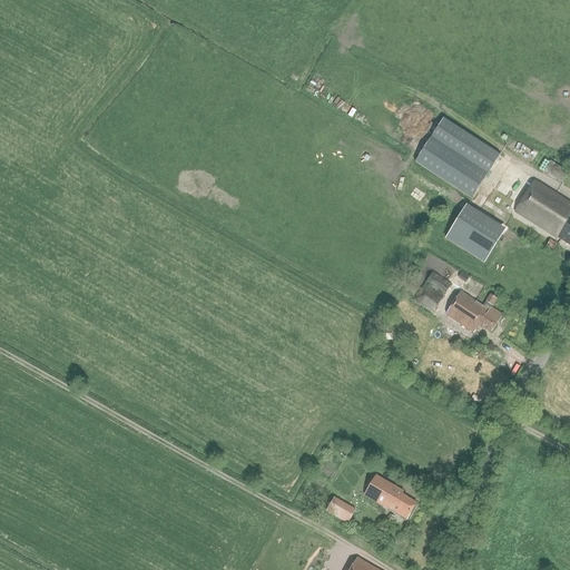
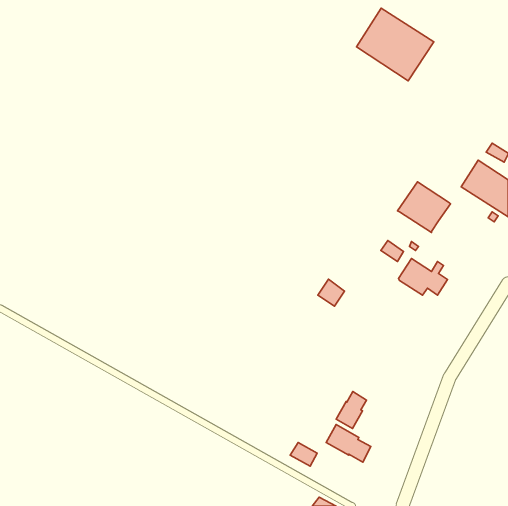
building: [414,116,501,197] -> [356,8,434,81]
building: [414,281,444,311] -> [318,279,345,306]
building: none -> [336,391,367,429]

